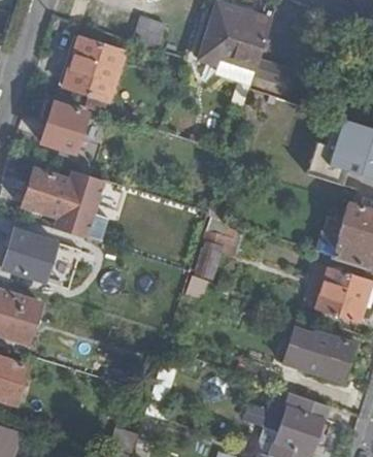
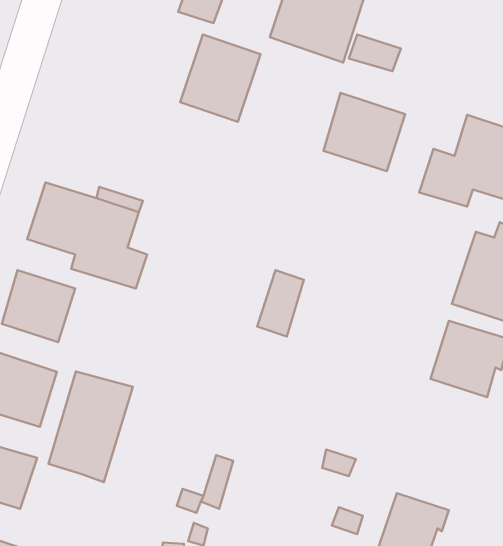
building: [65,37,124,101] -> [180,34,261,122]
building: none -> [324,93,405,171]
building: [42,103,87,153] -> none
building: none -> [48,372,133,482]
building: [283,325,350,380] -> none

